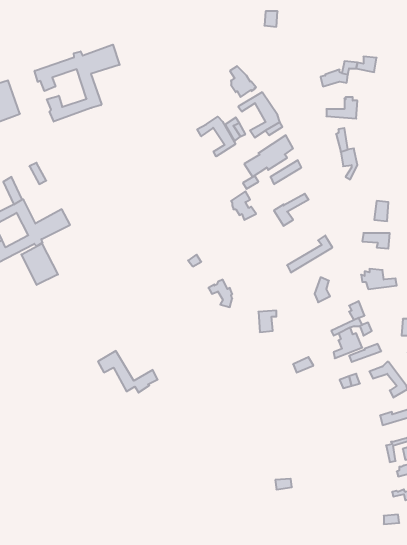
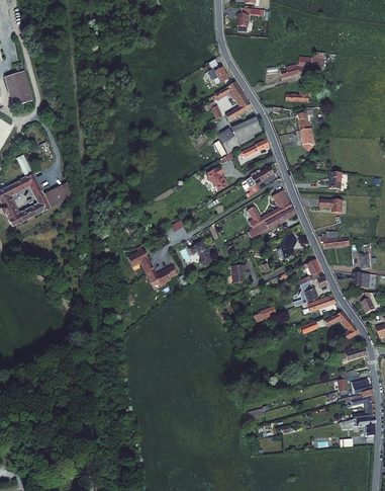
building: [35,45,120,122] -> none
building: [197,117,235,156] -> none
building: none -> [247,192,288,230]
building: [21,243,58,285] -> none
building: [98,351,158,393] -> [126,249,177,284]

